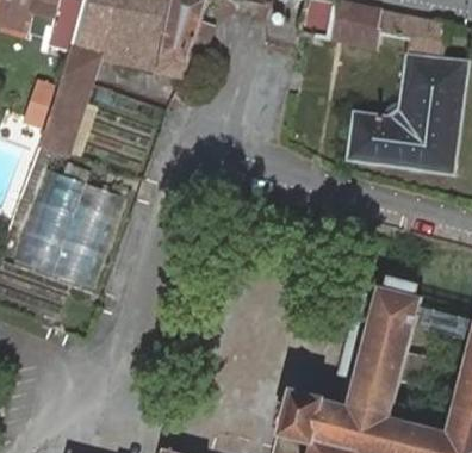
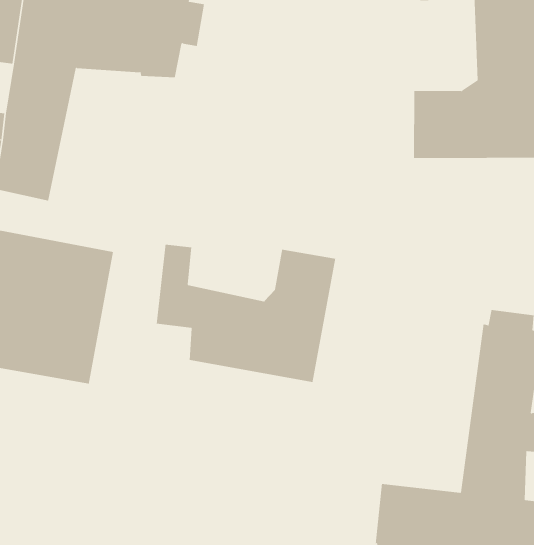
building: none -> [156,244,336,383]

